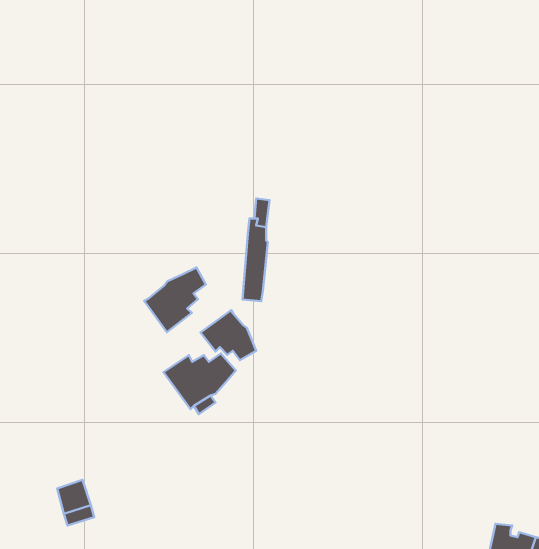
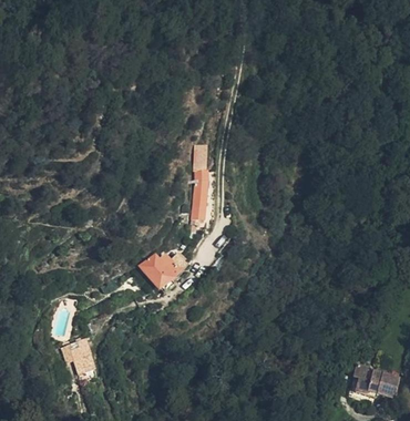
building: [144,268,206,332] -> none
building: [201,310,256,360] -> none

